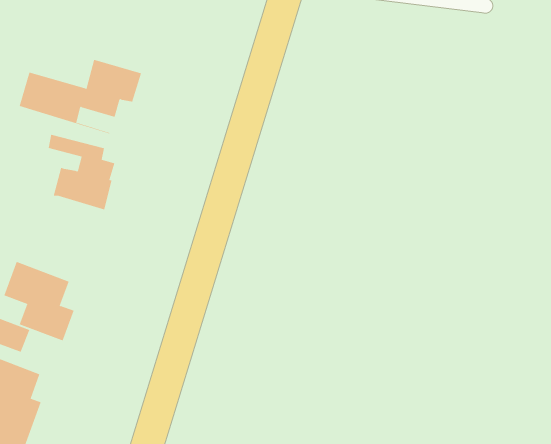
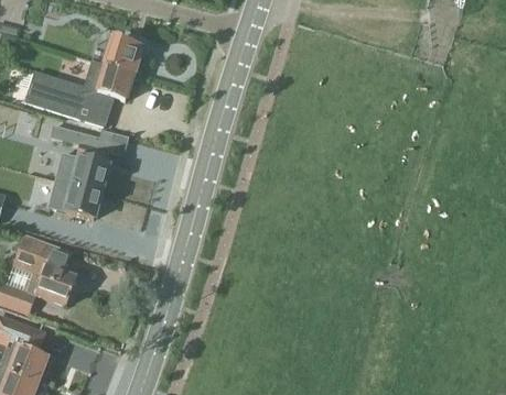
building: none -> [107,37,141,73]
building: none -> [50,179,101,219]

